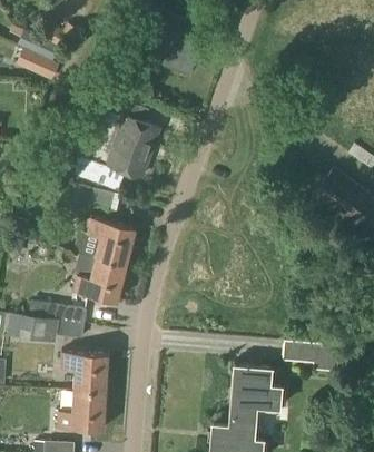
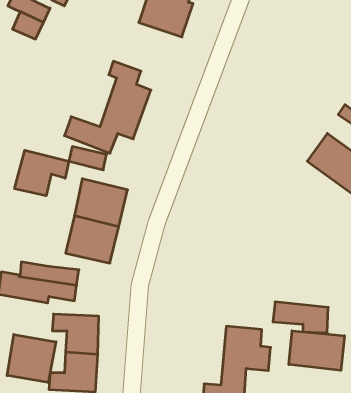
building: none -> [15,150,69,196]
building: none -> [289,331,344,370]
building: none -> [7,334,56,383]

